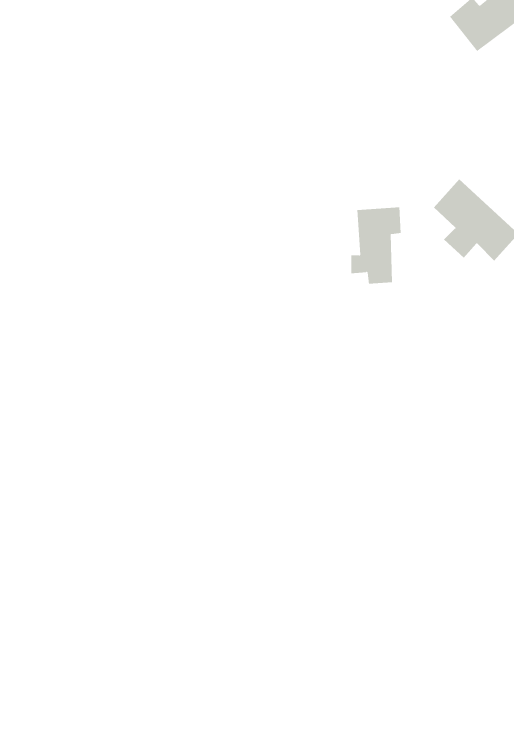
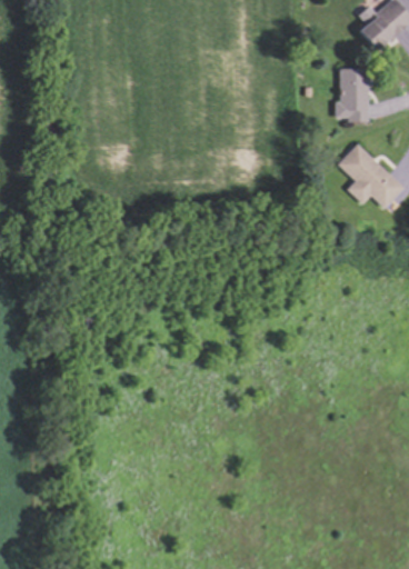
building: [351,207,402,284] -> [336,64,375,123]

